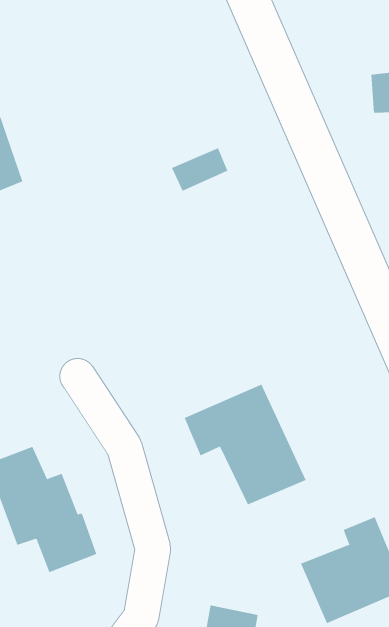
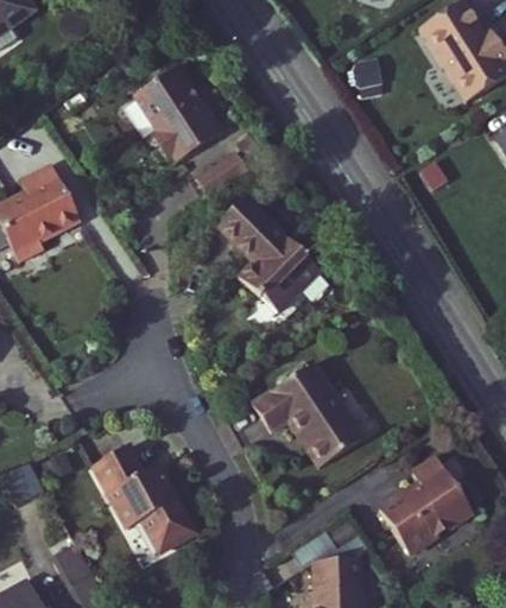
building: none -> [125,62,219,163]
building: none -> [209,195,316,310]

